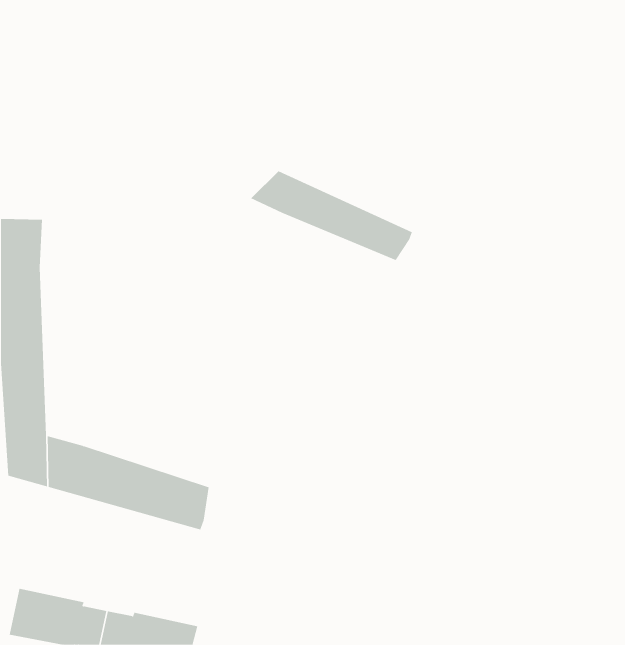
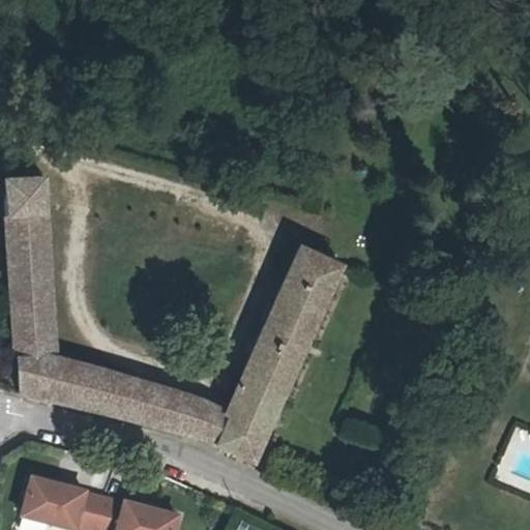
building: [250,170,412,261] -> none
building: none -> [184,248,341,457]

